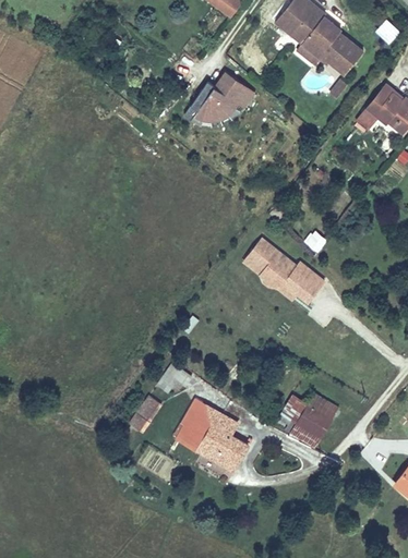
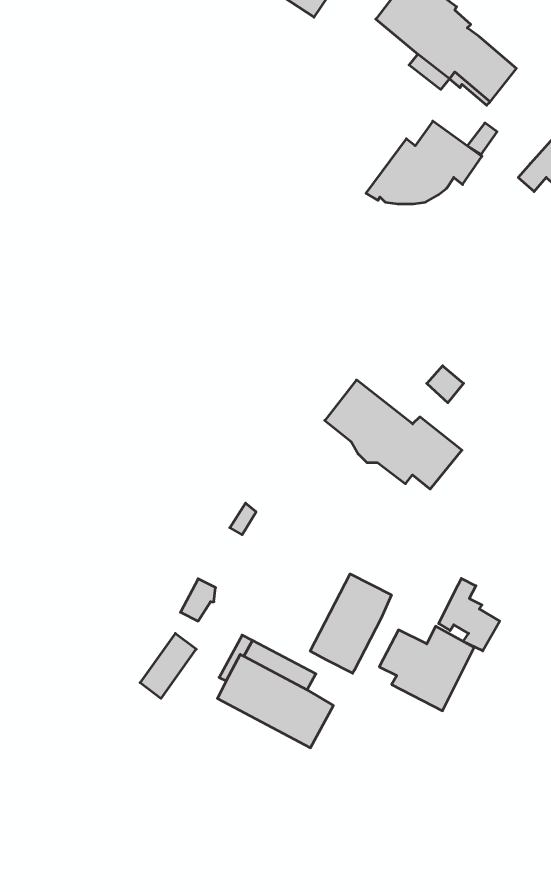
building: [183,73,255,124] -> [366,121,482,204]
building: none -> [310,574,391,673]
building: none -> [439,578,500,651]

